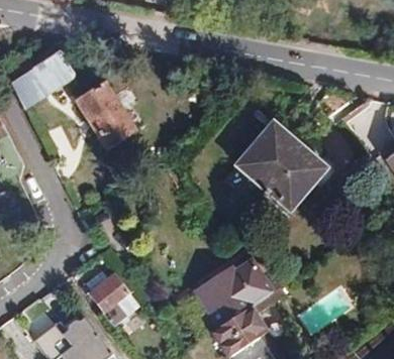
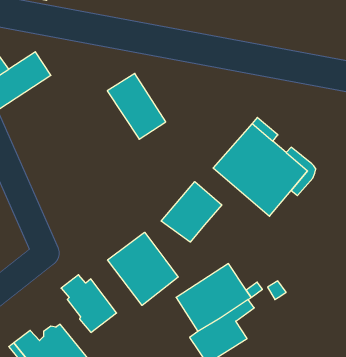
building: [76,84,133,148] -> [107,73,166,139]
building: none -> [161,182,222,242]
building: none -> [108,232,178,305]

